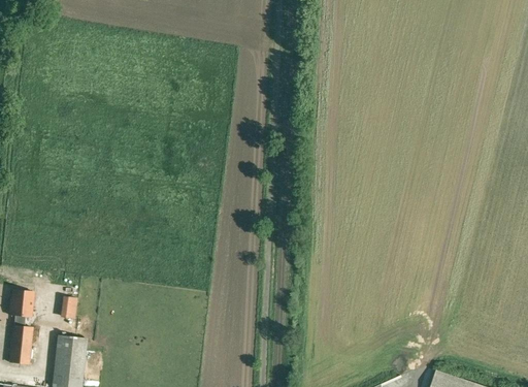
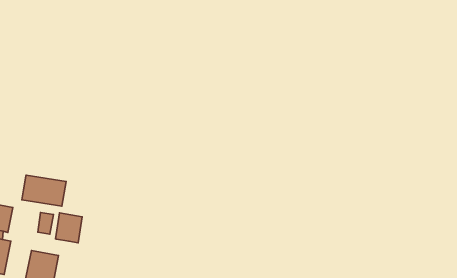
building: none -> [22,175,66,206]
building: none -> [55,213,82,243]

